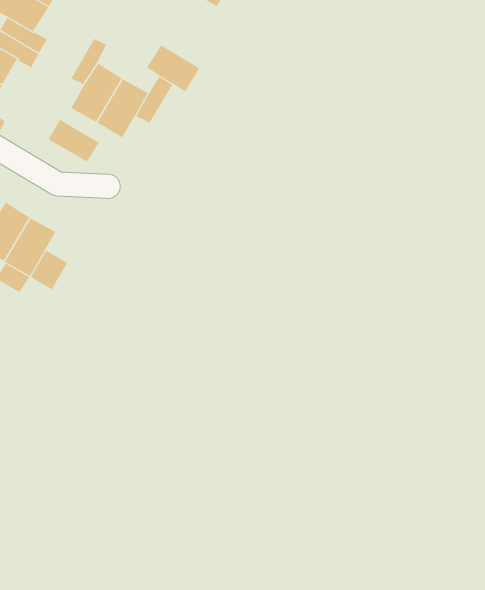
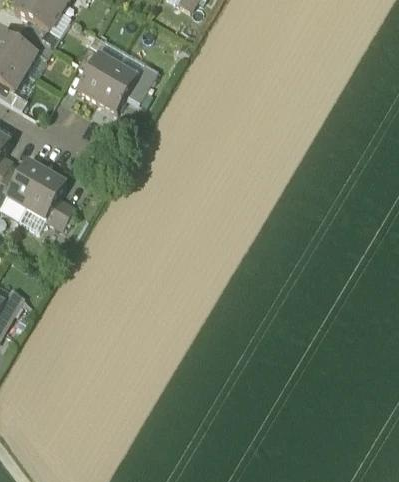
building: [146,45,200,92] -> none
building: [48,119,99,162] -> none

